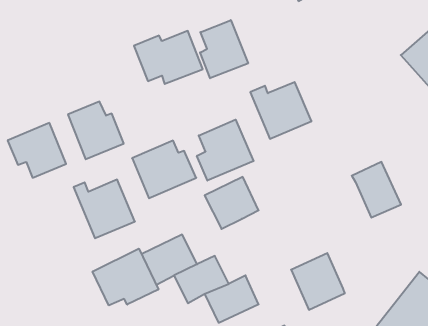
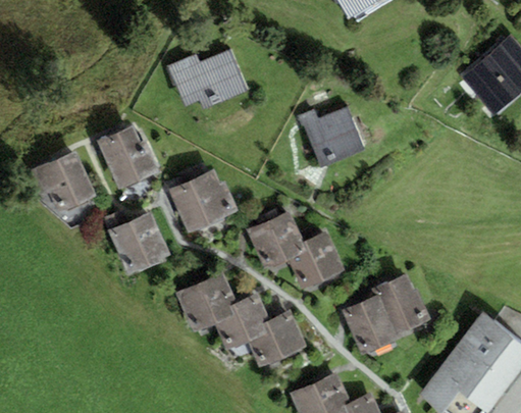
building: [200,20,248,78] -> none
building: [197,120,254,181] -> none
building: [352,162,401,218] -> [377,270,431,331]
building: none -> [288,236,345,288]
building: [93,249,158,305] -> none

